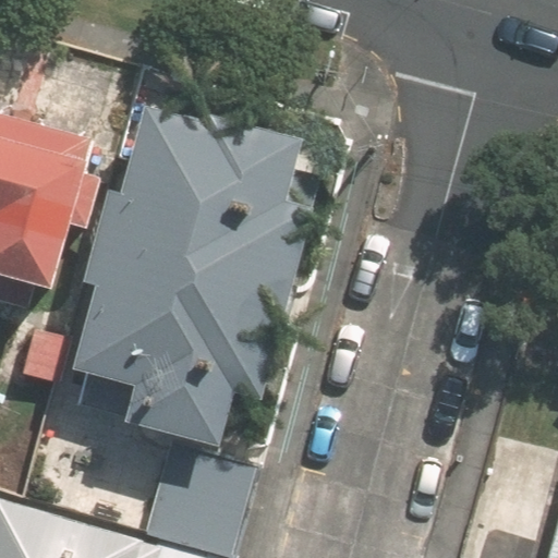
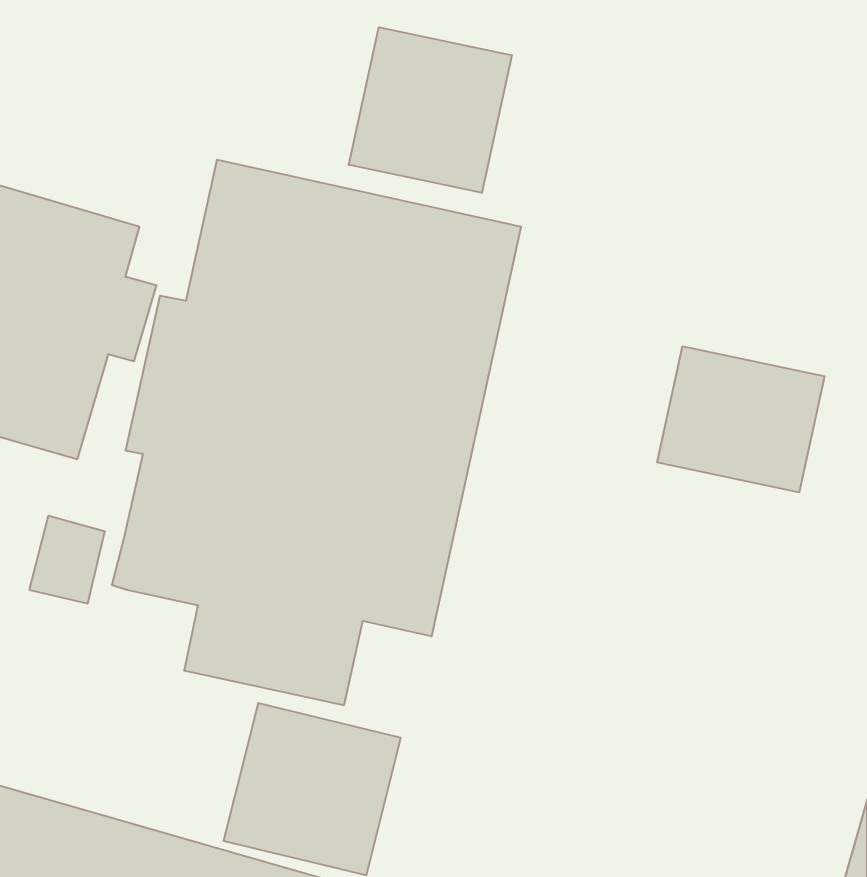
building: none -> [349,27,512,193]
building: none -> [657,346,825,492]

